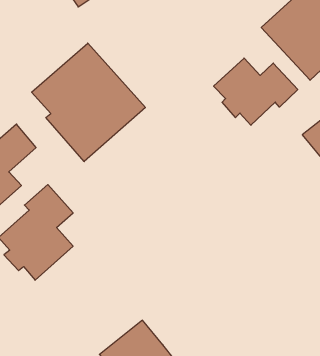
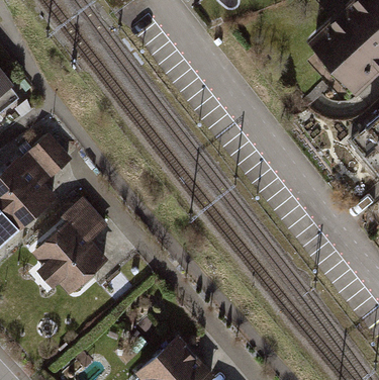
building: [32,43,145,162] -> none
building: [214,58,298,125] -> none

